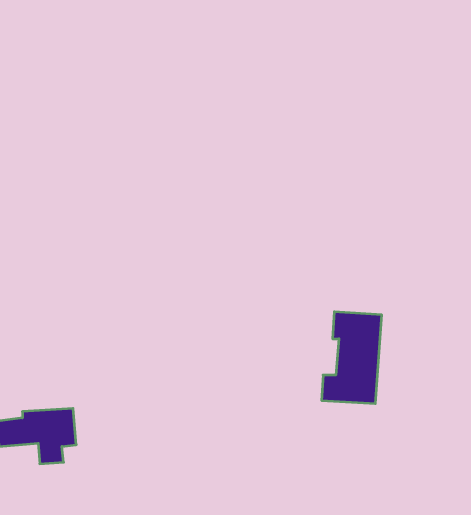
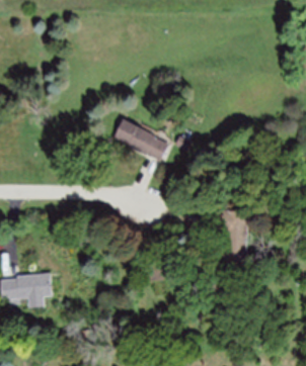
building: none -> [113,118,166,159]

